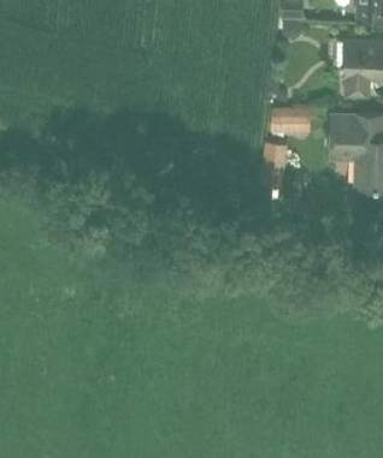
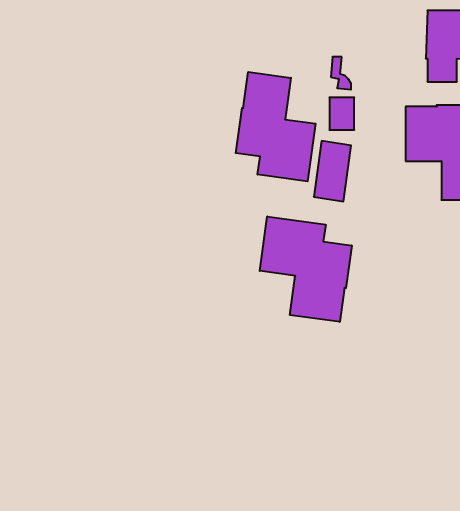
building: none -> [236,72,316,181]
building: none -> [260,216,352,322]

